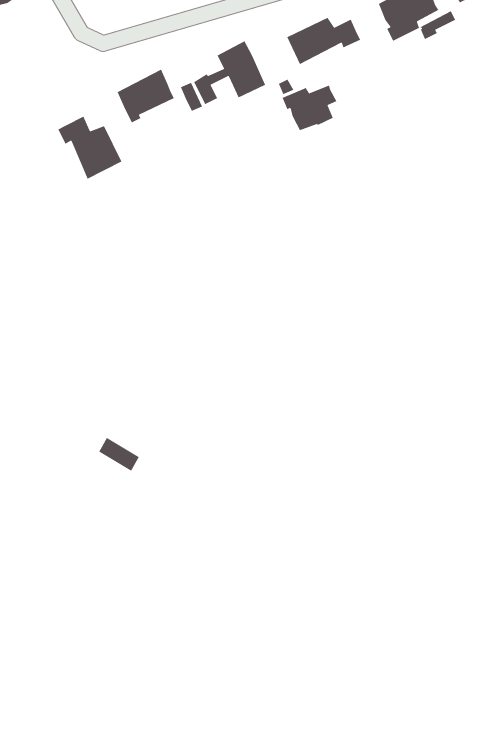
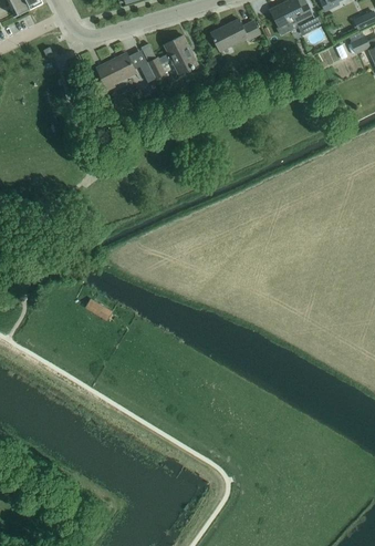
building: [282,85,338,131] -> none
building: [57,115,122,180] -> none

